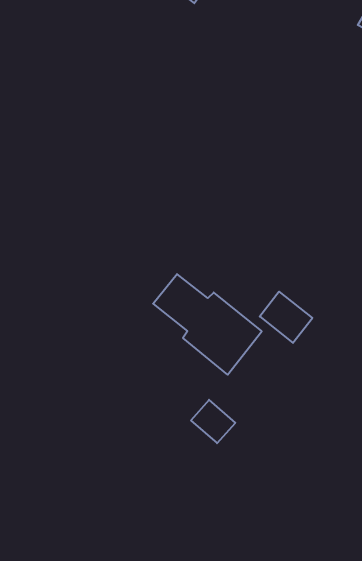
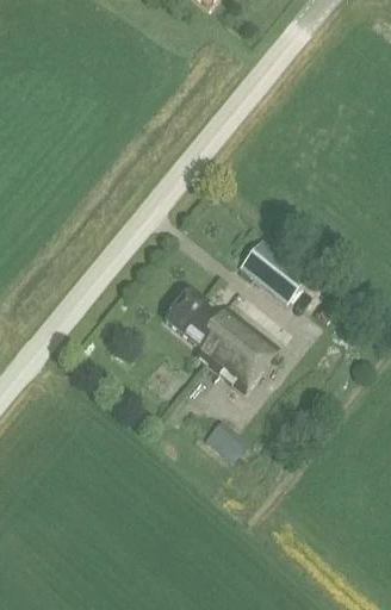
building: [260,292,312,343] -> [252,250,306,304]

